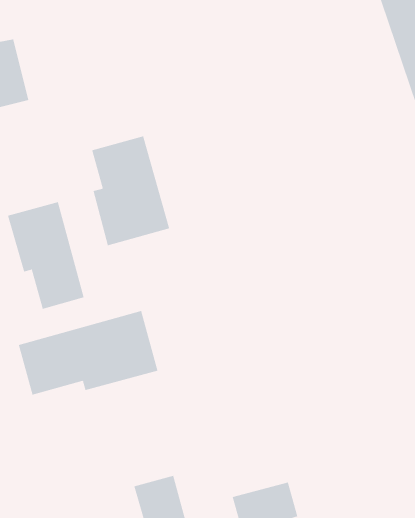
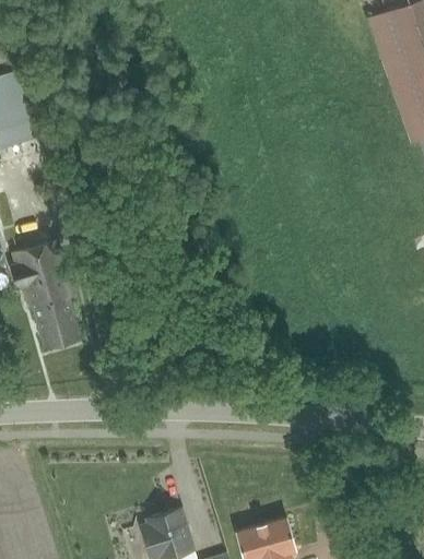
building: [92,136,170,246] -> none
building: [18,310,158,396] -> none

